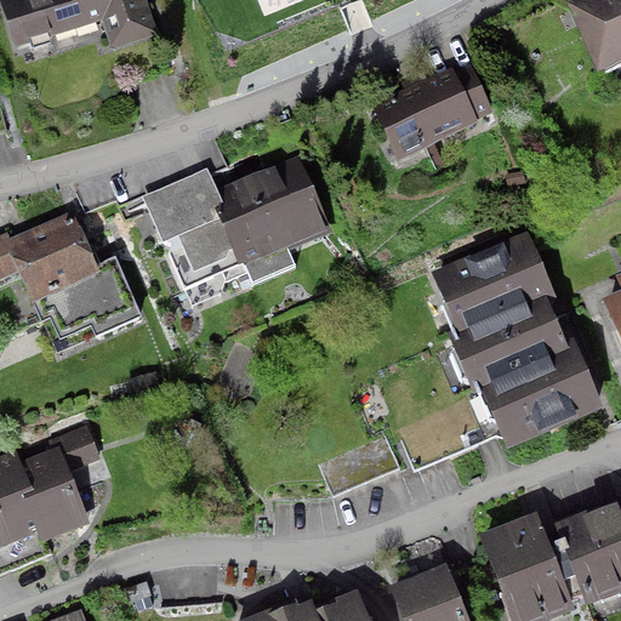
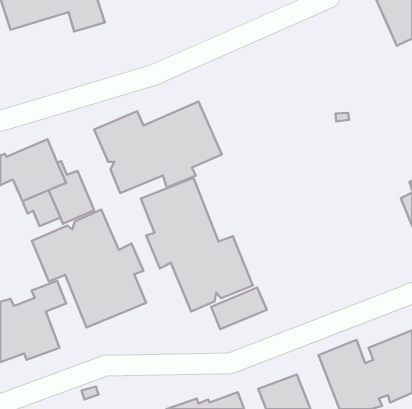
building: [371,63,494,160] -> none
building: [431,232,603,451] -> none
building: none -> [141,178,253,312]
building: none -> [32,210,146,328]

